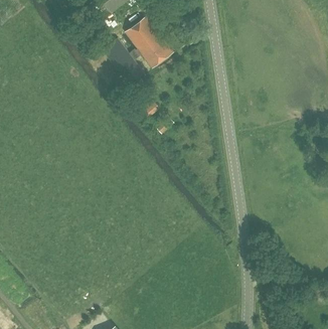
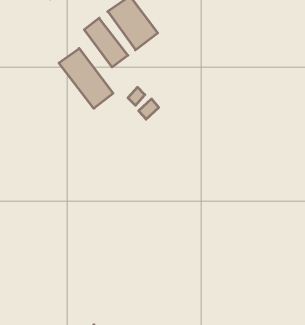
building: none -> [59,48,113,108]

